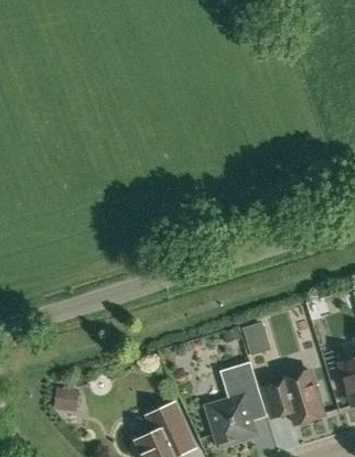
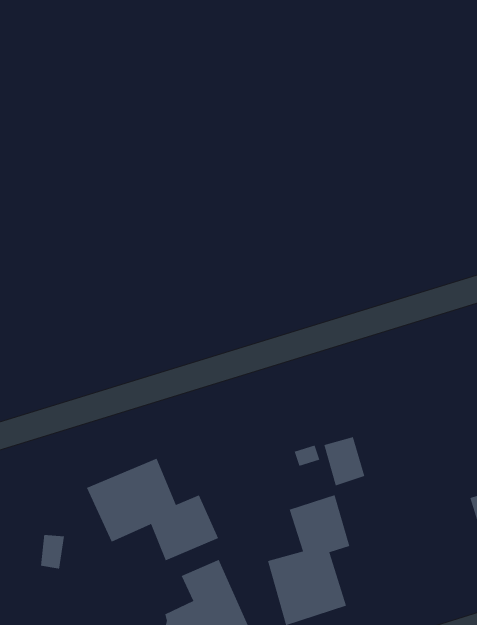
building: none -> [86,458,219,561]
building: [262,370,323,424] -> none

